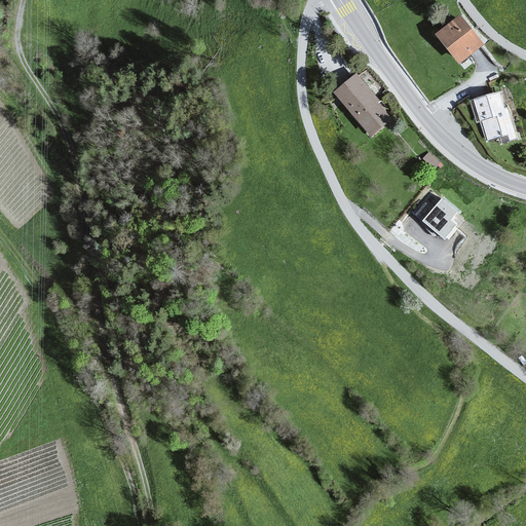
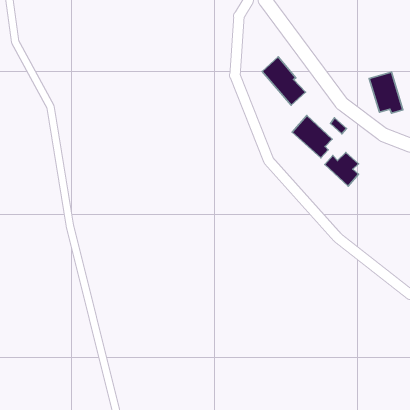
building: [437,14,482,62] -> none
building: none -> [292,116,332,158]

